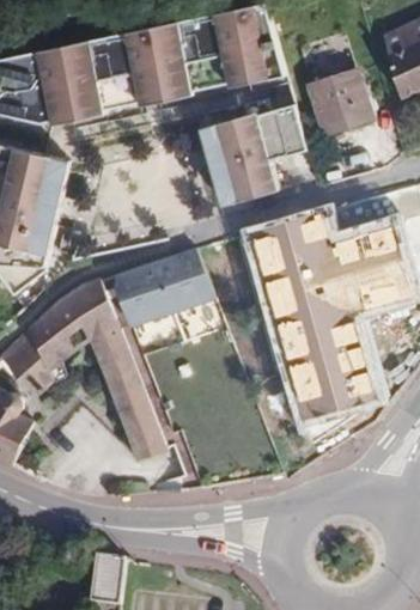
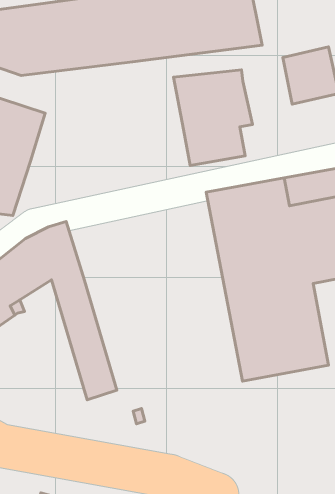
building: [269,105,309,157] -> none
building: [112,244,215,327] -> none

